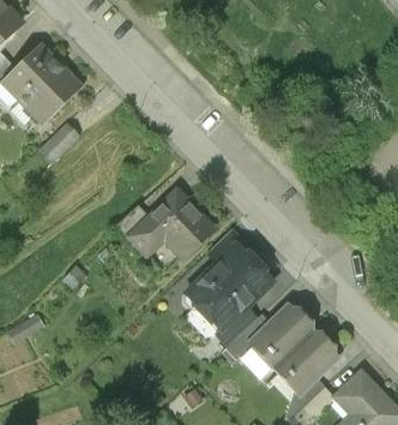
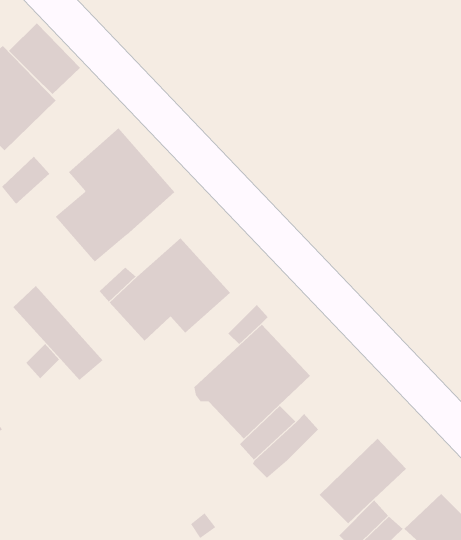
building: none -> [8,23,81,95]
building: none -> [55,127,175,263]
building: none -> [12,285,103,381]
building: [255,312,319,376] -> none

